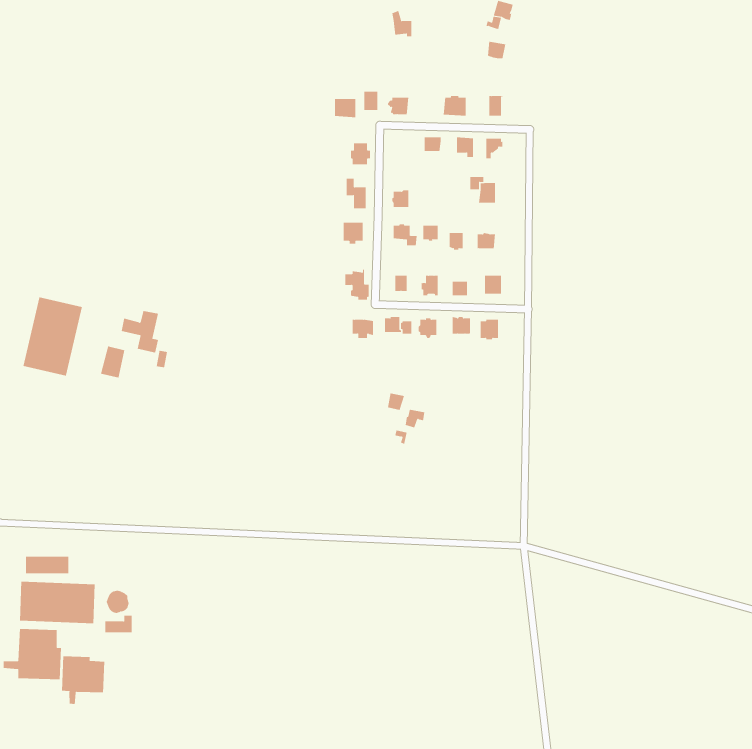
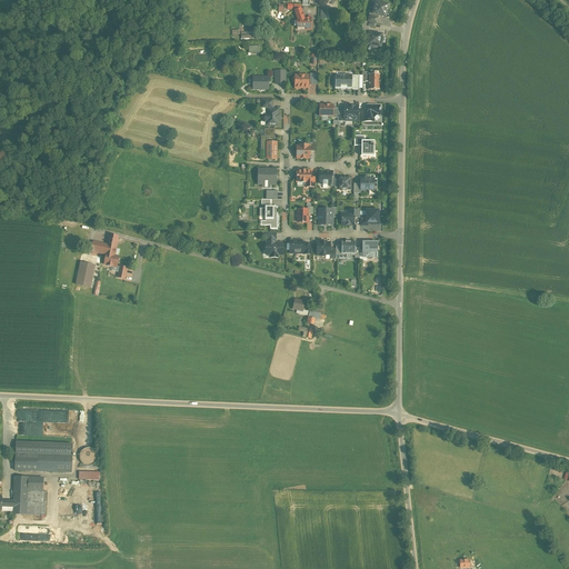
building: [23,296,82,376] -> none
building: [61,655,105,705] -> none

